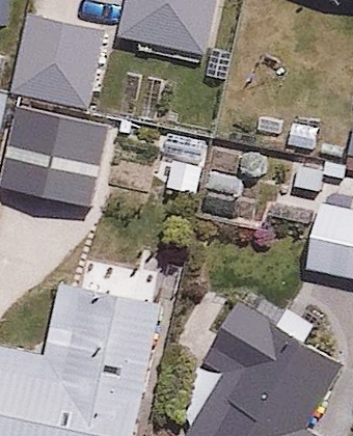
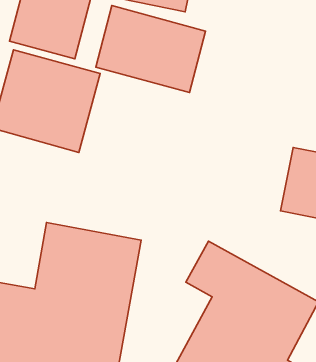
building: none -> [96,6,206,93]

